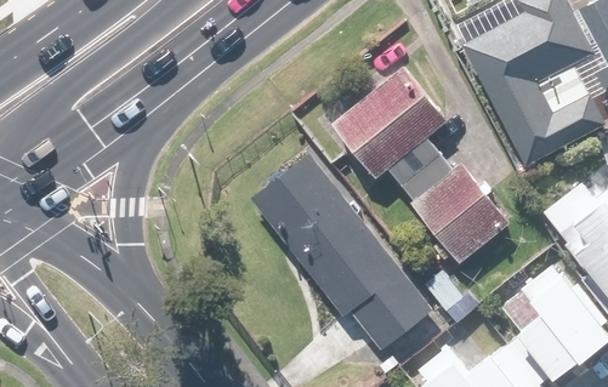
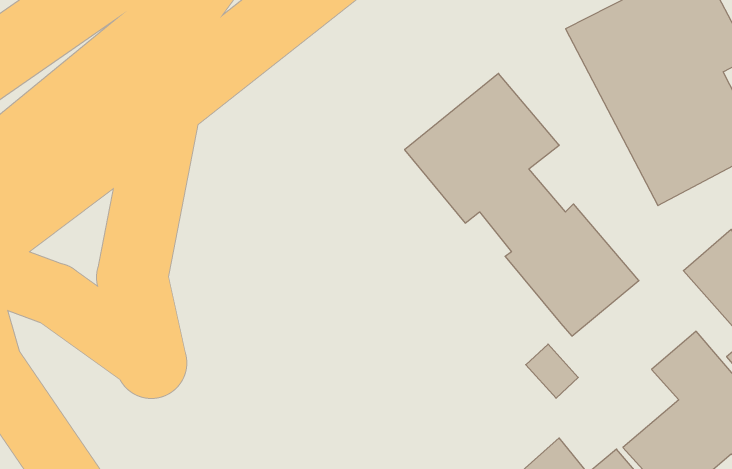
building: [251,154,433,351] -> none

